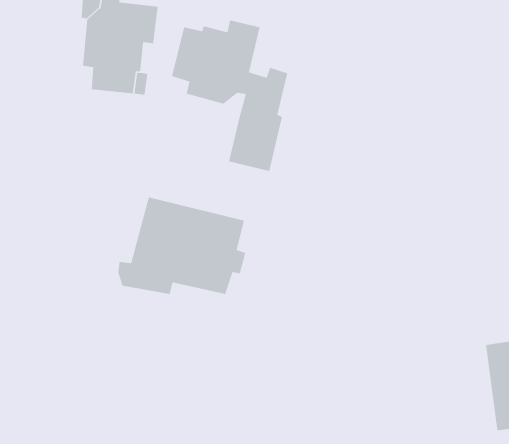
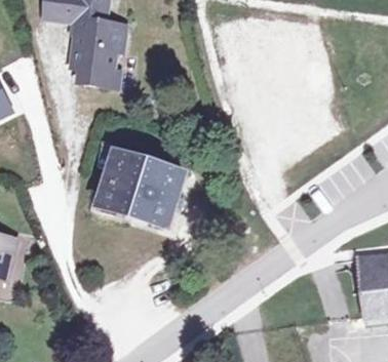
building: [171,19,288,172] -> none

